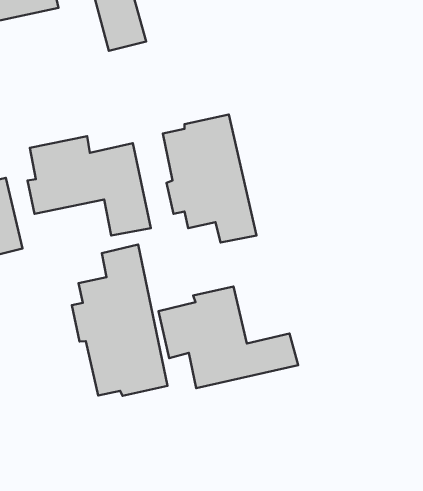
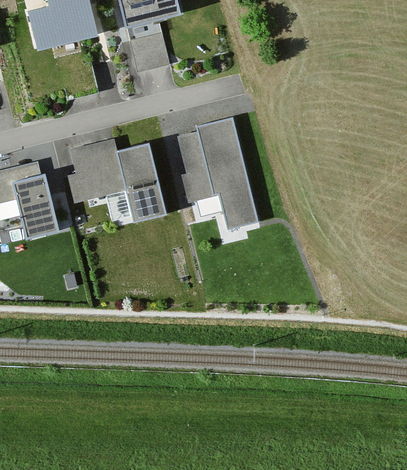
building: [72,244,168,396] -> none
building: [158,287,298,388] -> none

